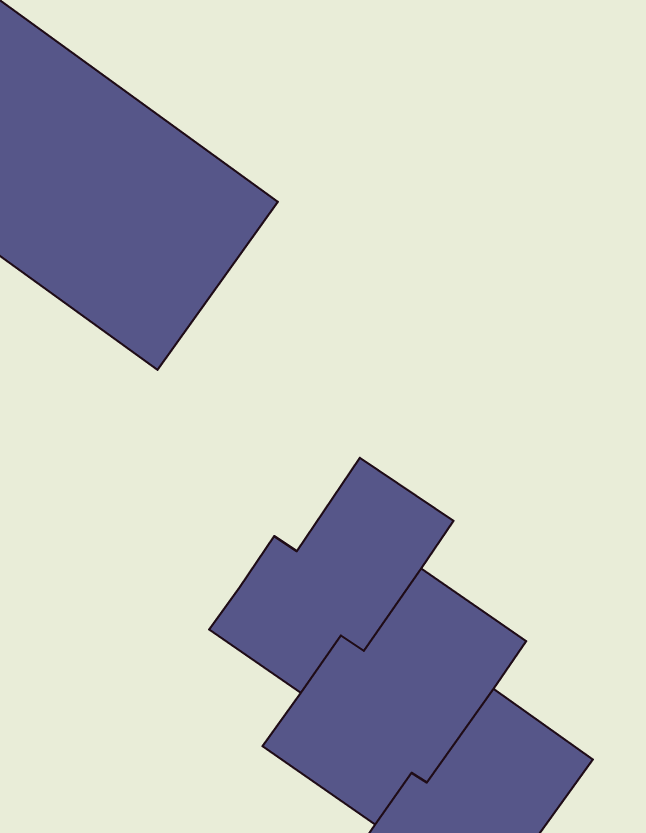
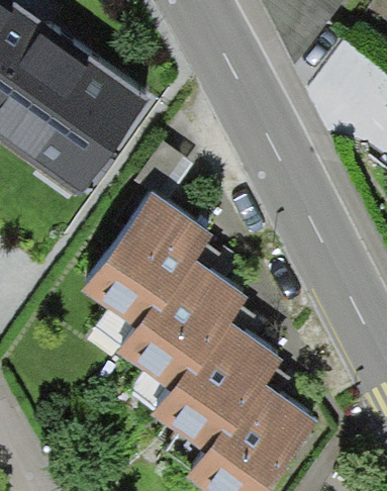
building: none -> [77,173,218,320]

